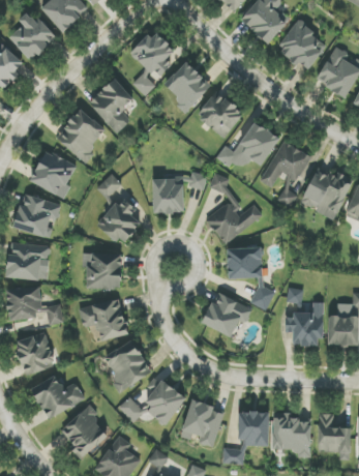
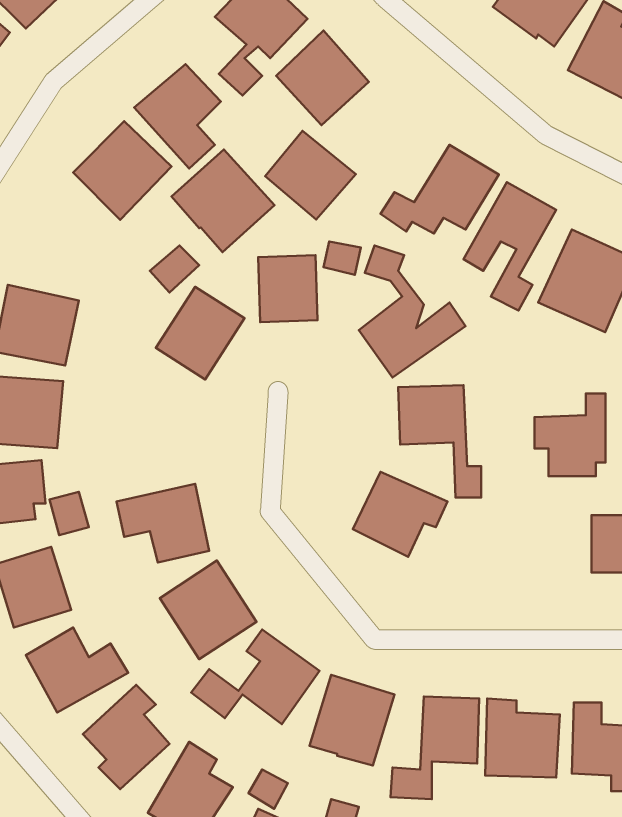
building: [197,91,244,138] -> [265,131,356,220]
building: none -> [172,149,275,252]
building: [29,150,76,199] -> none
building: [85,252,121,289] -> none
building: [286,302,323,346] -> [535,393,606,476]

